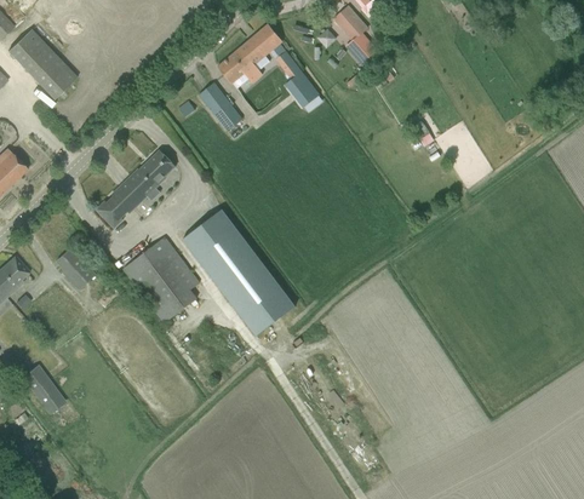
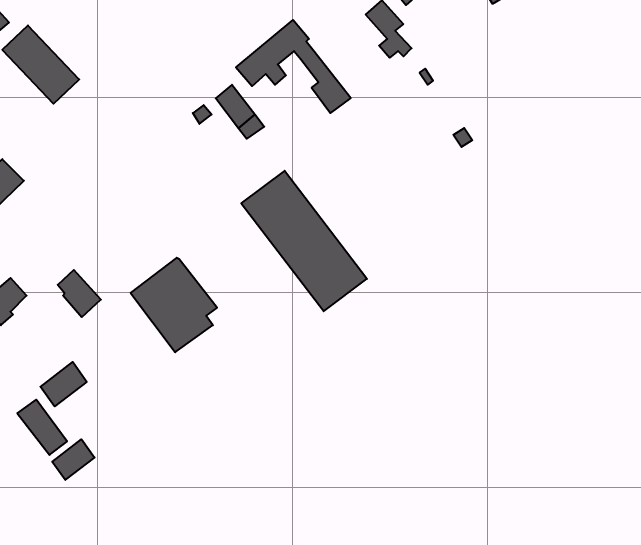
building: [96,150,174,228] -> none
building: [182,210,294,335] -> [241,171,367,311]
building: none -> [40,362,87,406]
building: none -> [52,439,95,480]

